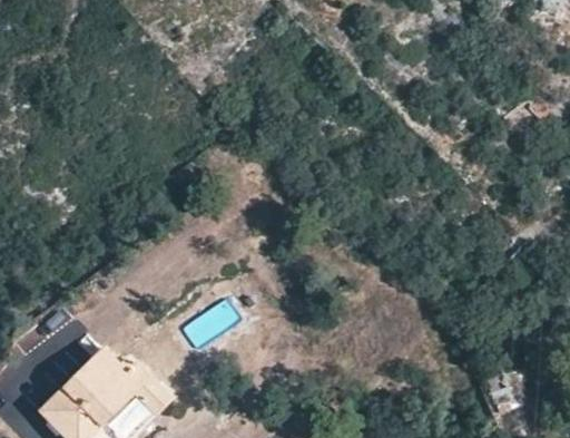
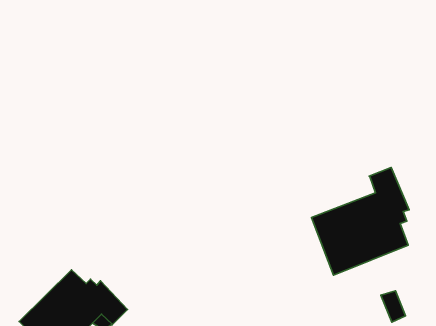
building: none -> [312,167,409,275]

